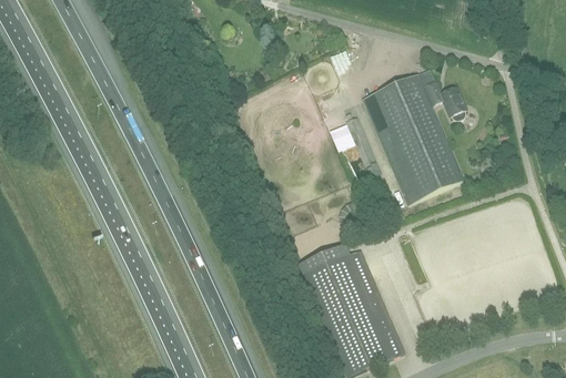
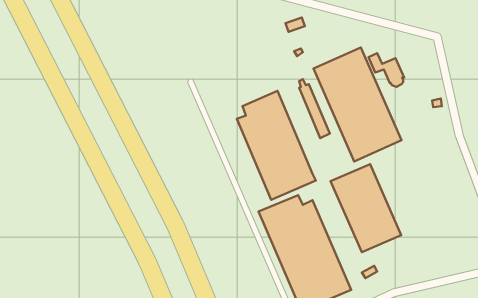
building: none -> [237,91,316,200]
building: none -> [331,164,401,252]

